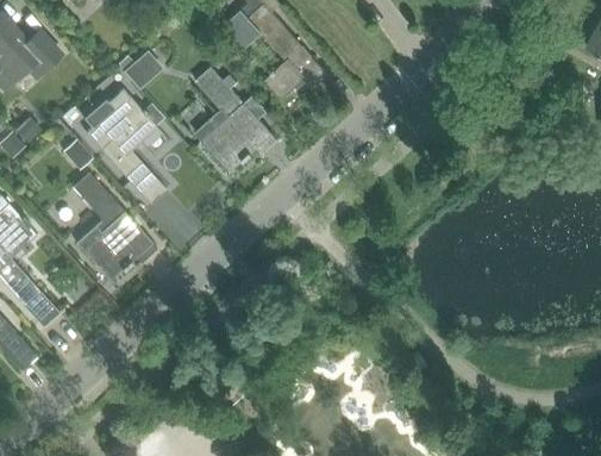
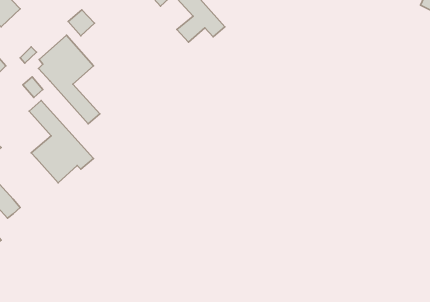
building: [194,67,276,171] -> none

